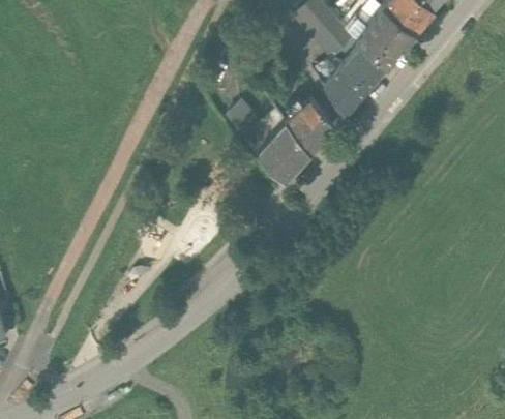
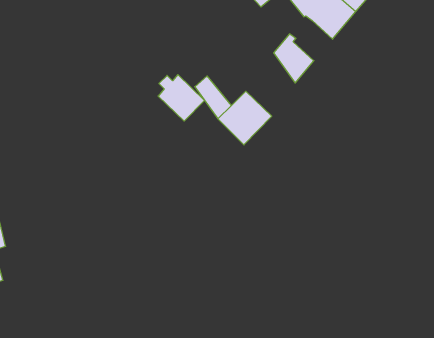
building: [341,43,387,90] -> none
building: [287,100,340,154] -> [158,75,205,121]

